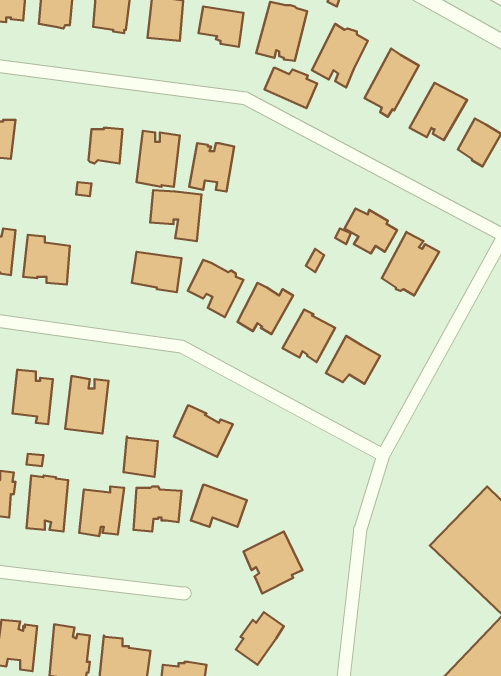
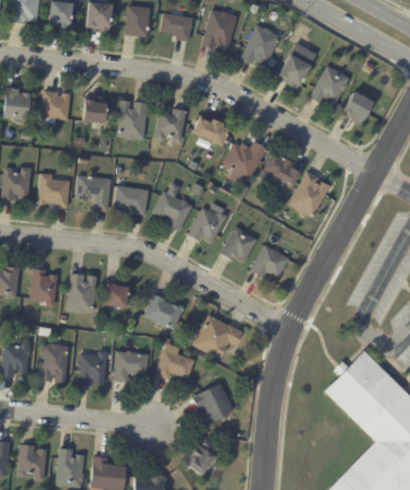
building: [264,68,317,108] -> [194,117,231,145]
building: none -> [42,90,71,124]
building: none -> [222,140,268,184]
building: [150,190,201,241] -> [75,175,112,211]
building: none -> [192,314,242,359]
building: [124,436,158,477] -> [104,279,128,307]

